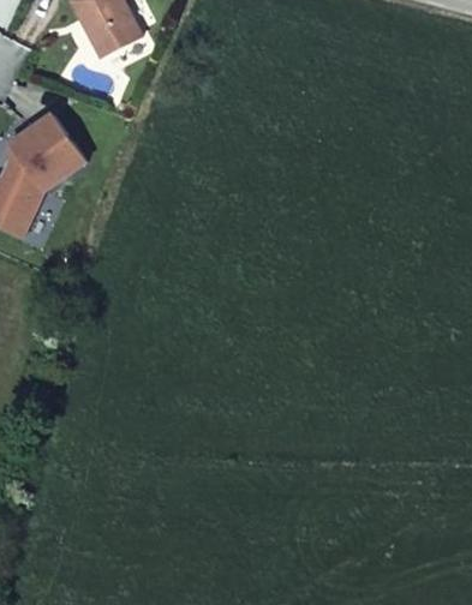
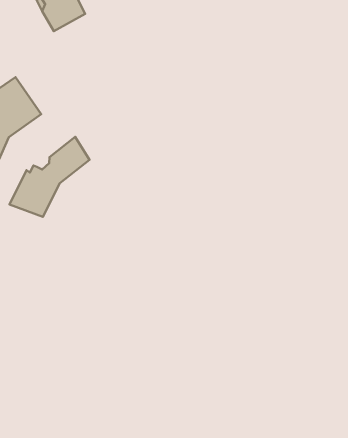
building: none -> [9,137,90,217]

